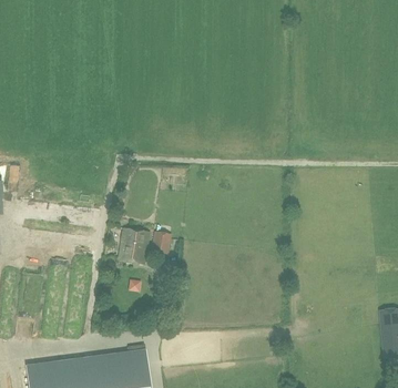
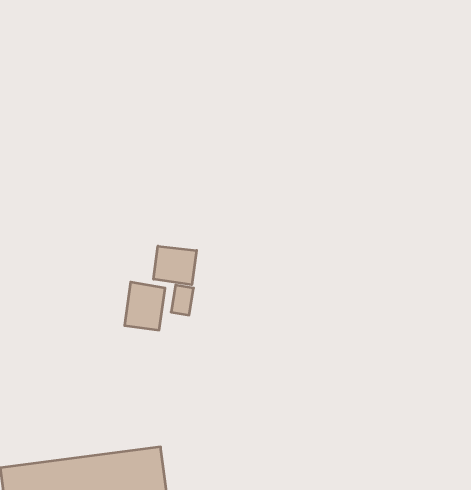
building: none -> [154,246,197,285]

